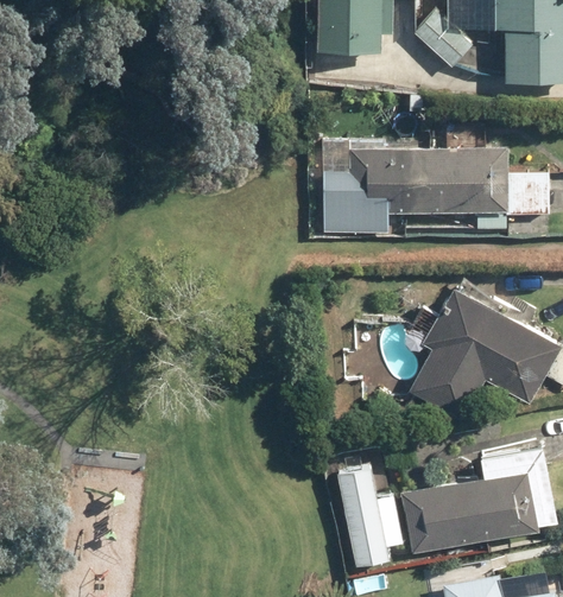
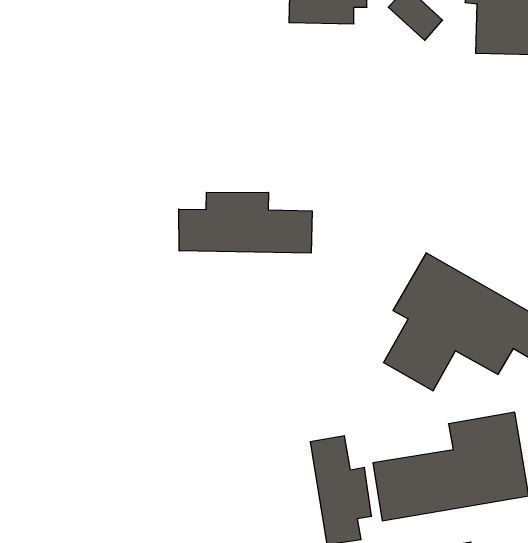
building: [316,146,550,233] -> none
building: none -> [179,192,312,253]

